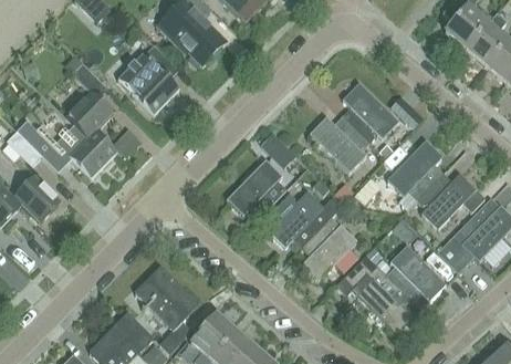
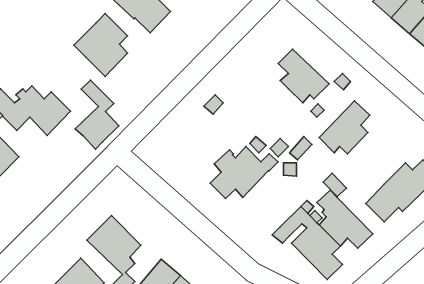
building: [66,62,114,137] -> [75,80,119,149]
building: [310,116,369,171] -> none
building: [227,159,285,215] -> none
building: [418,173,486,229] -> none
building: [303,216,357,279] -> none

